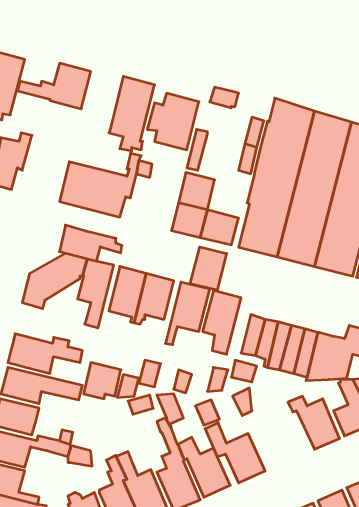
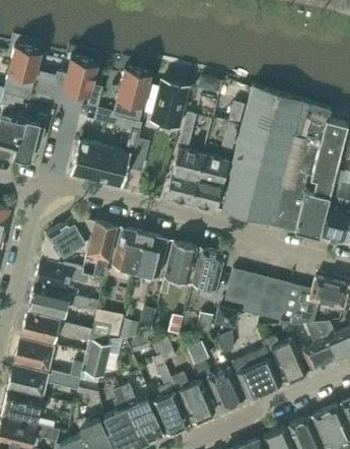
building: none -> [196,154,229,187]
building: [59,225,122,261] -> [34,258,87,288]
building: [190,247,227,290] -> none
building: none -> [85,341,111,377]
building: none -> [230,346,282,400]

